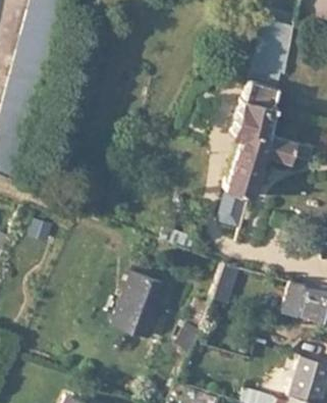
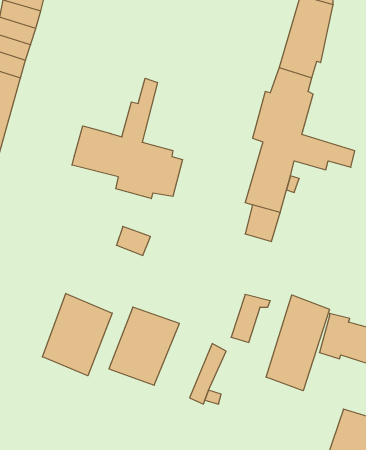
building: none -> [72,78,182,199]
building: none -> [42,293,112,376]
building: none -> [266,295,330,391]

